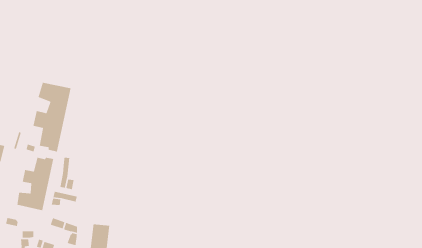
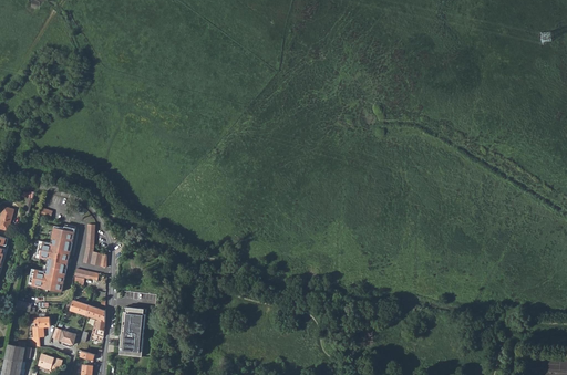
building: [33,82,72,153] -> none

